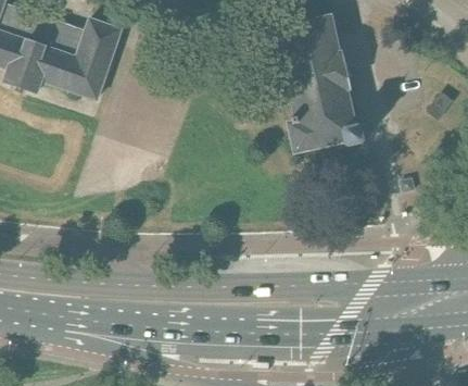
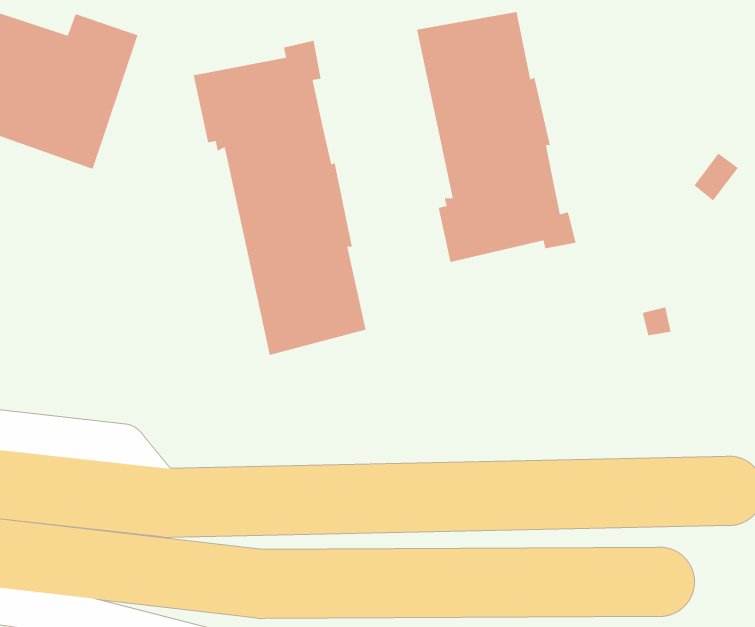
building: none -> [193,40,367,356]

